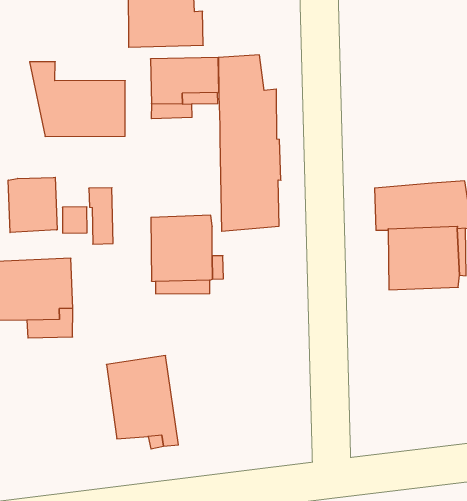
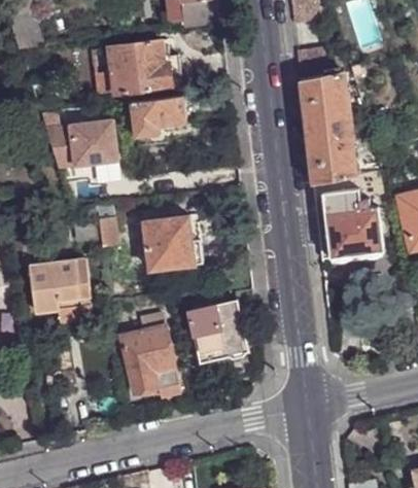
building: [219,55,281,231] -> [295,45,354,182]
building: [8,177,57,233] -> none
building: none -> [187,299,247,361]

